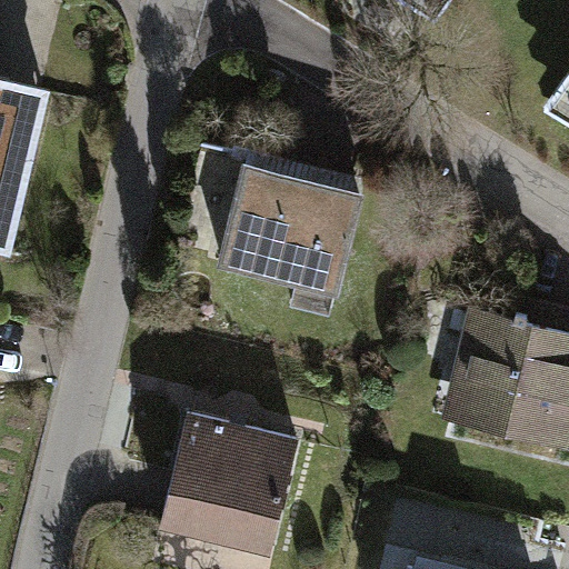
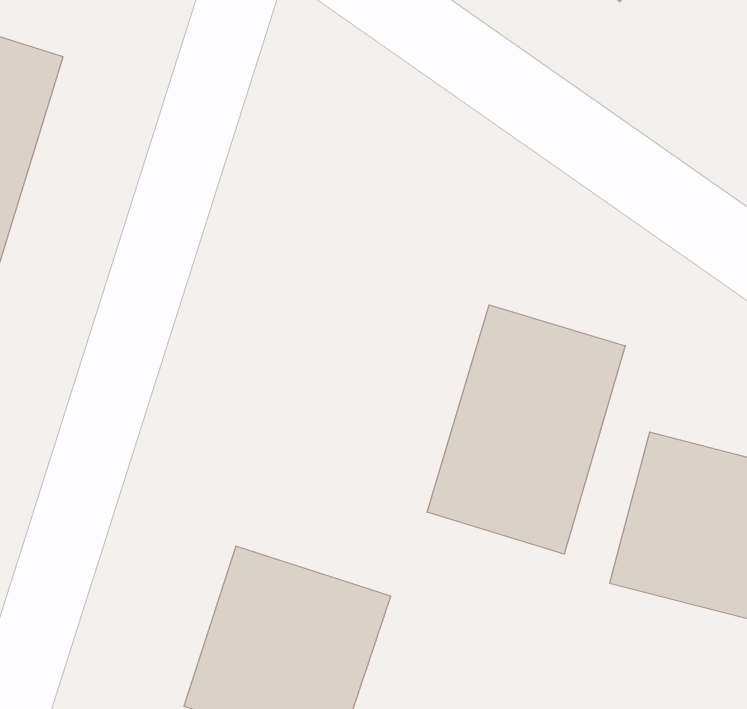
building: [194,153,357,289] -> none
building: none -> [427,305,625,554]

